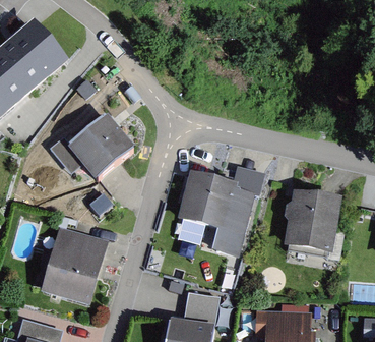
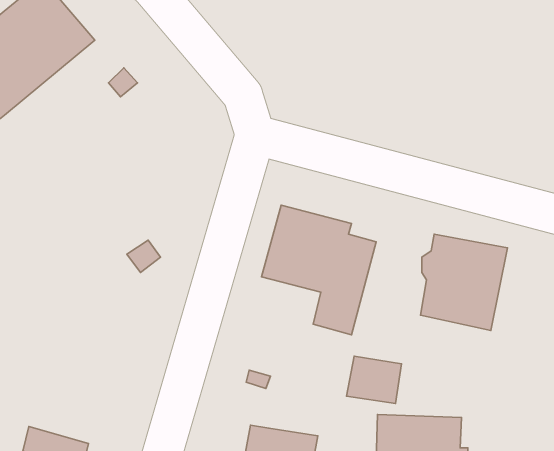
building: [67,113,133,178] -> none
building: [40,226,109,306] -> none
building: [183,291,220,323] -> [347,356,402,404]

